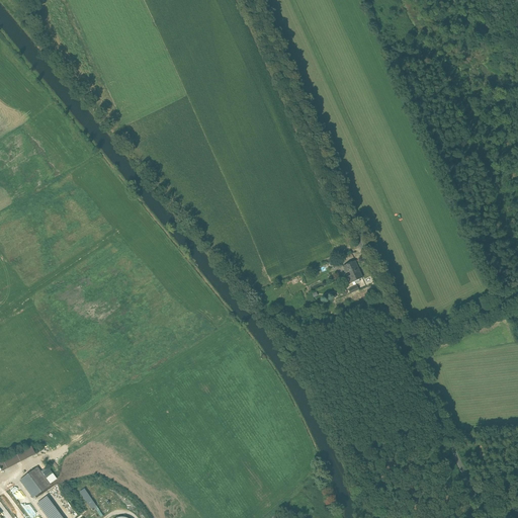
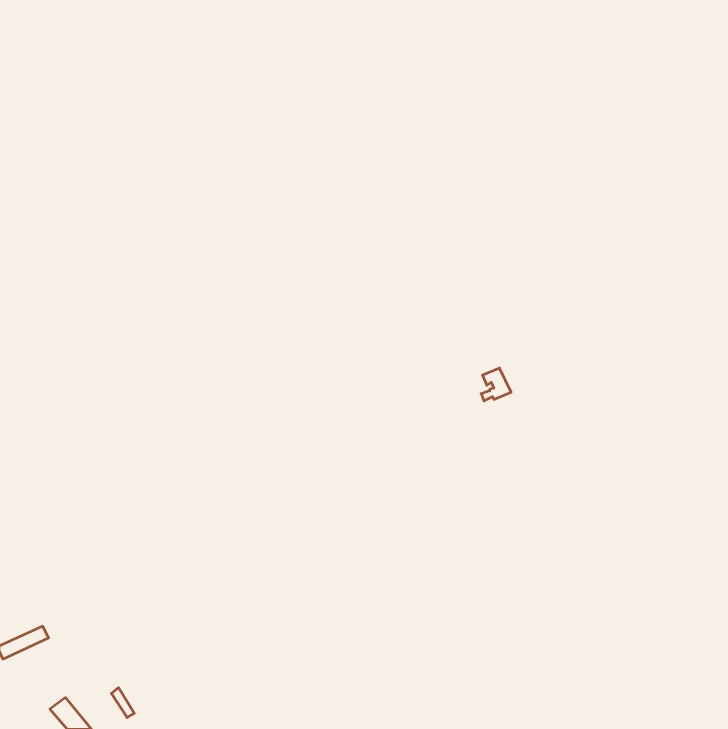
building: [19,467,50,497] -> none

